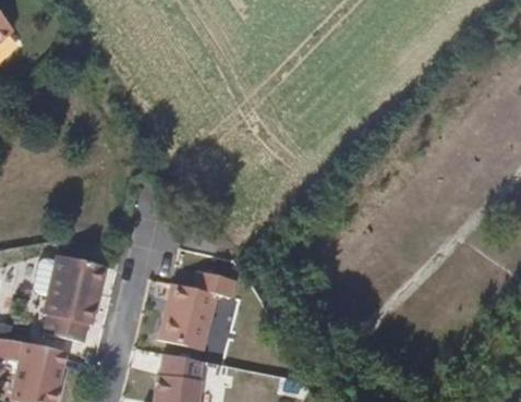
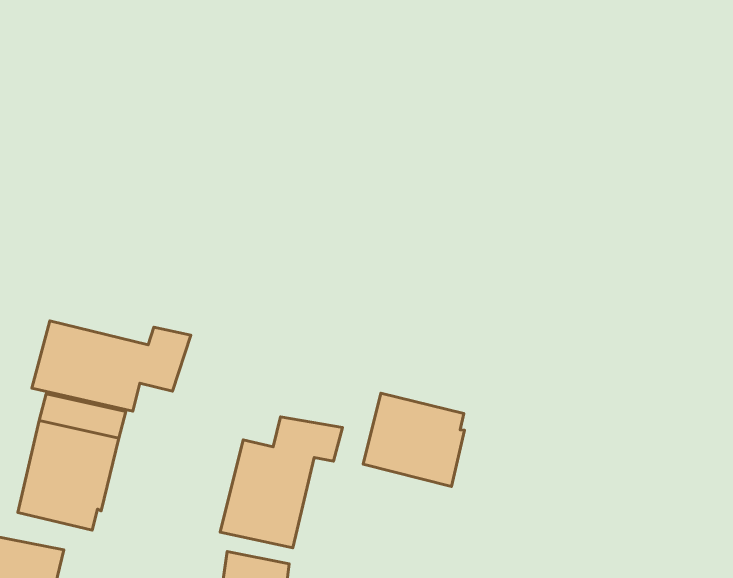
building: none -> [32,321,191,411]
building: none -> [363,393,464,487]

